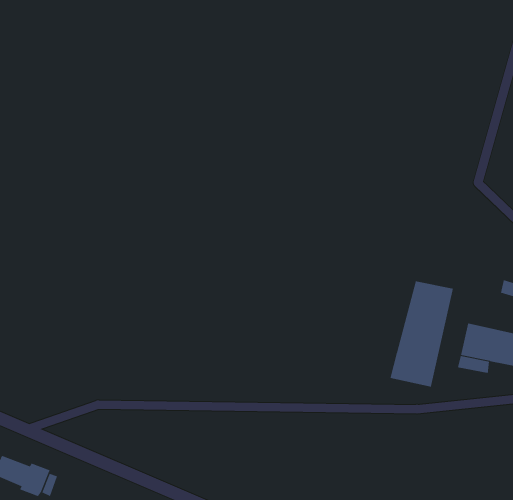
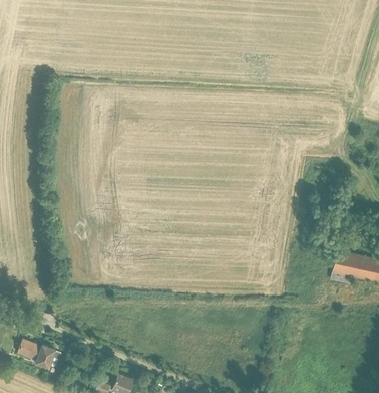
building: [390,280,454,388] -> none

